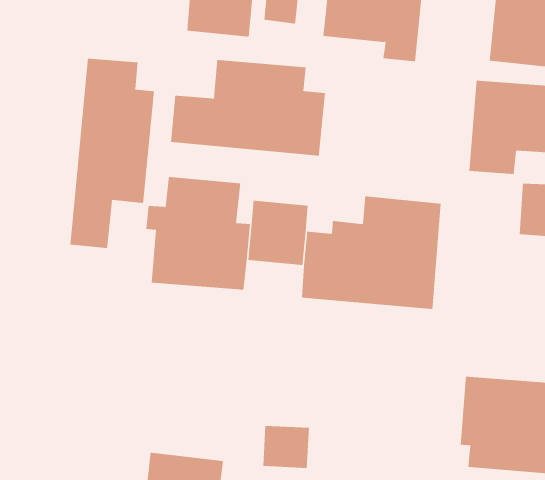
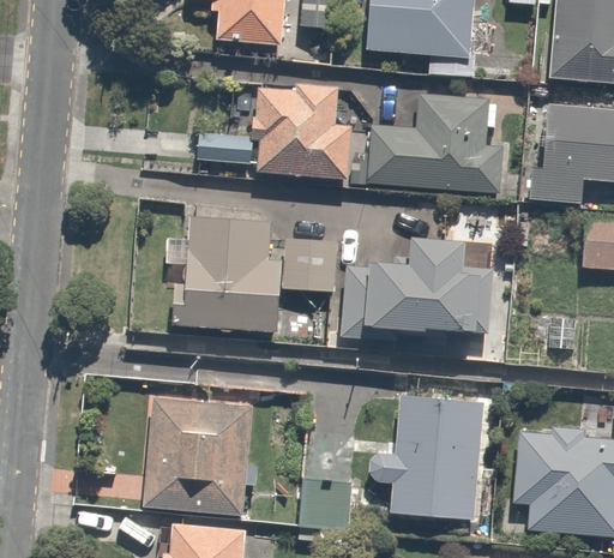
building: [70,58,155,249] -> none
building: none -> [343,84,512,196]
building: none -> [368,394,484,520]
building: none -> [140,397,255,523]

